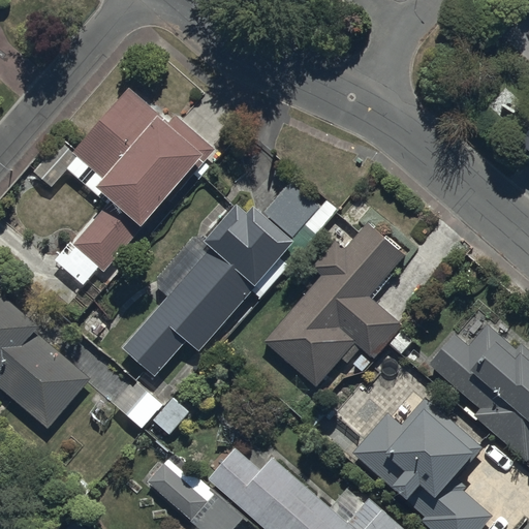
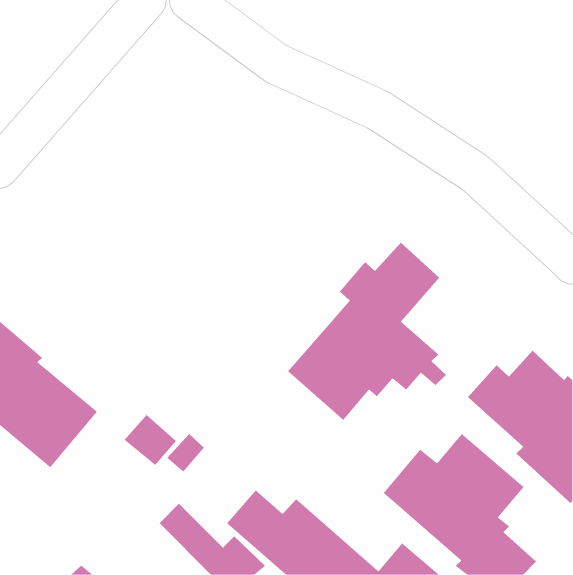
building: [33,89,216,284] -> none
building: [124,184,338,377] -> none

